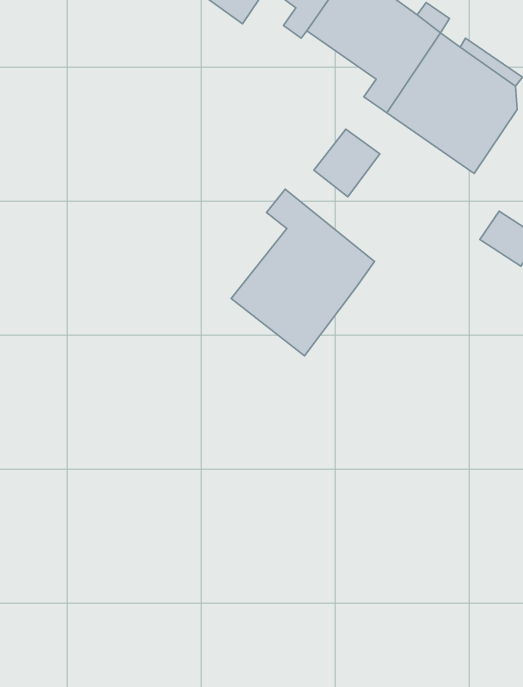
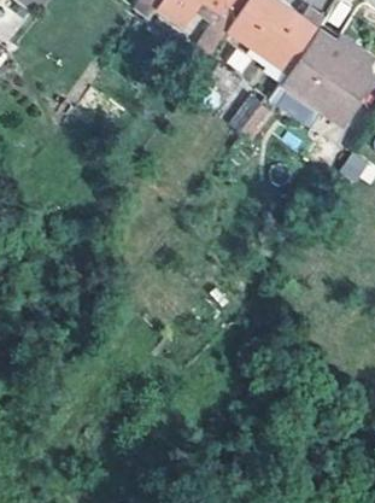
building: [231,189,374,356] -> none

